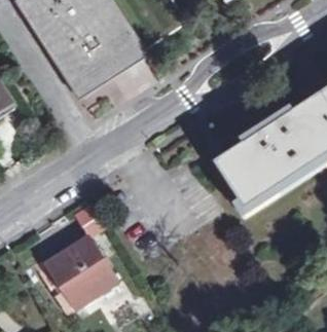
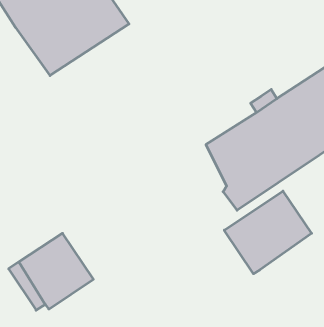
building: none -> [224,191,312,274]

